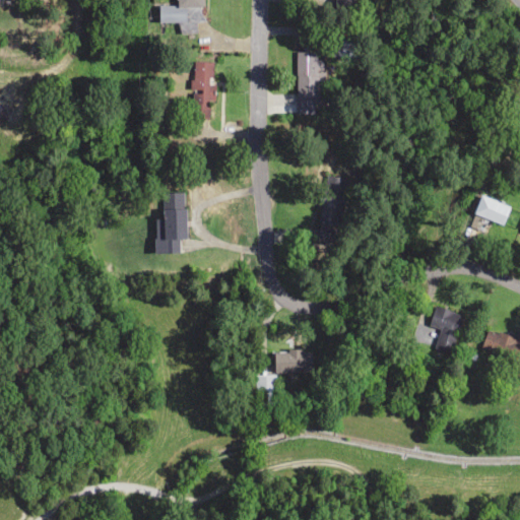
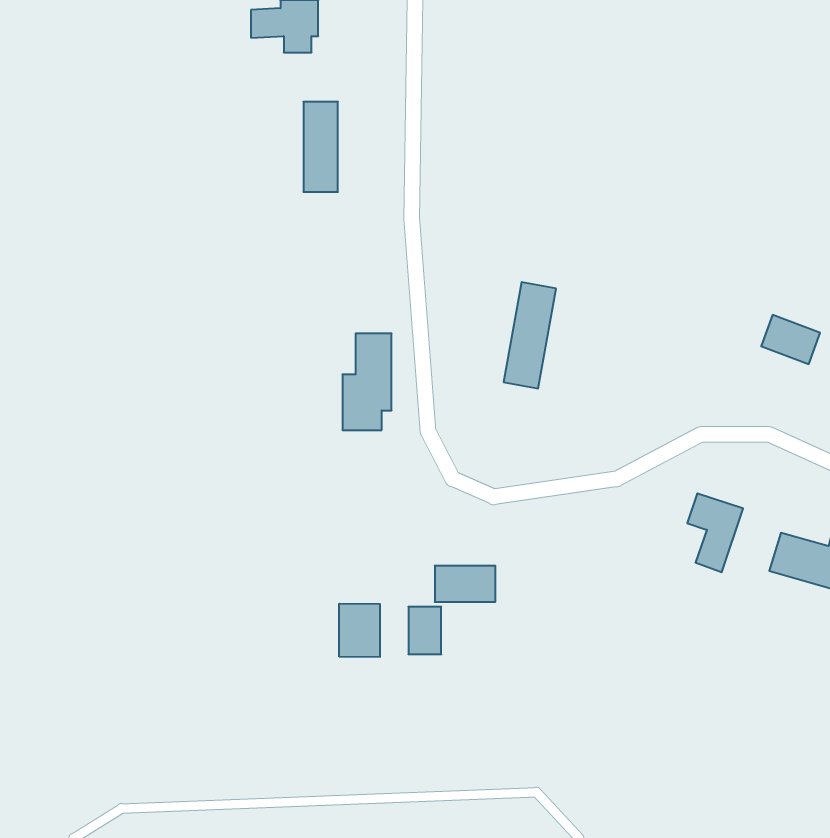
building: [299,52,324,112] -> none
building: [156,193,187,253] -> [342,333,392,430]
building: none -> [339,604,380,657]

